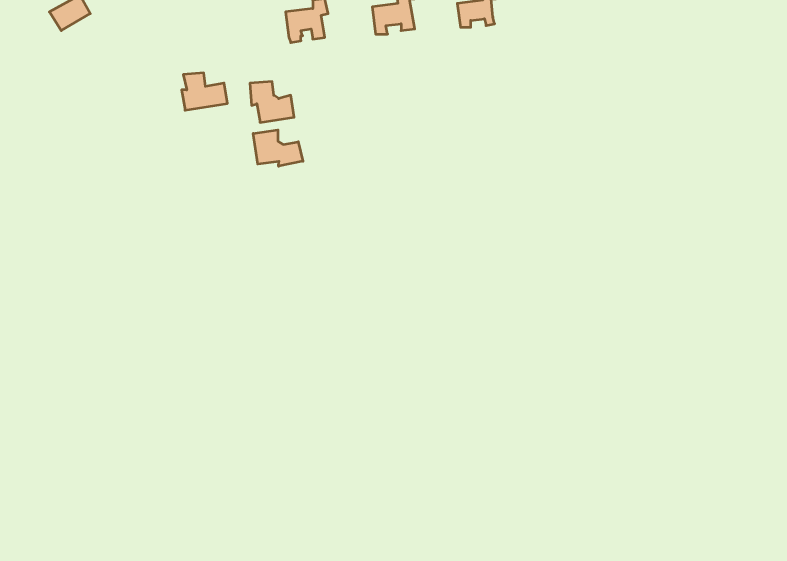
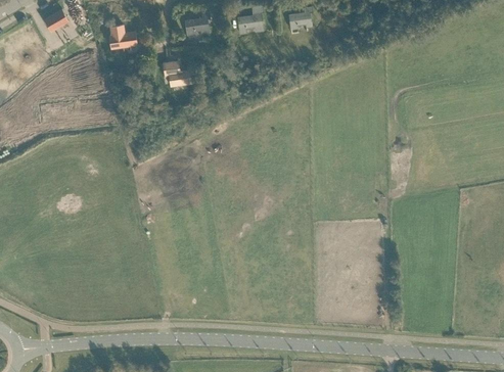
building: [182,73,227,110] -> [109,27,137,49]
building: [253,130,303,166] -> none

